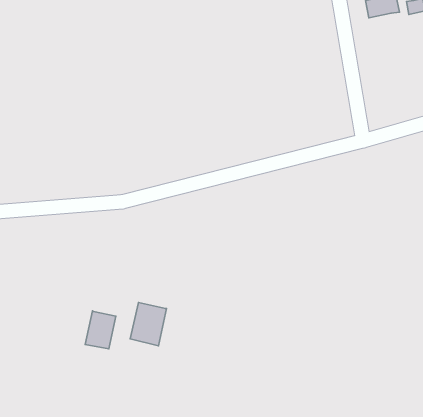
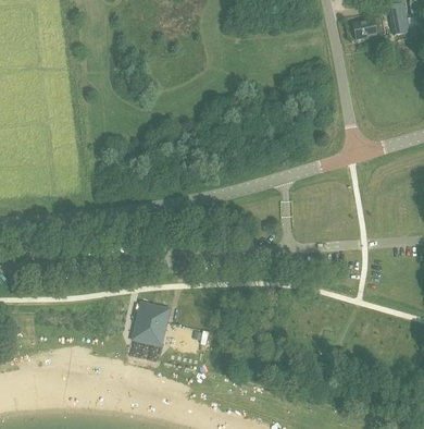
building: [85,311,116,349] -> none

